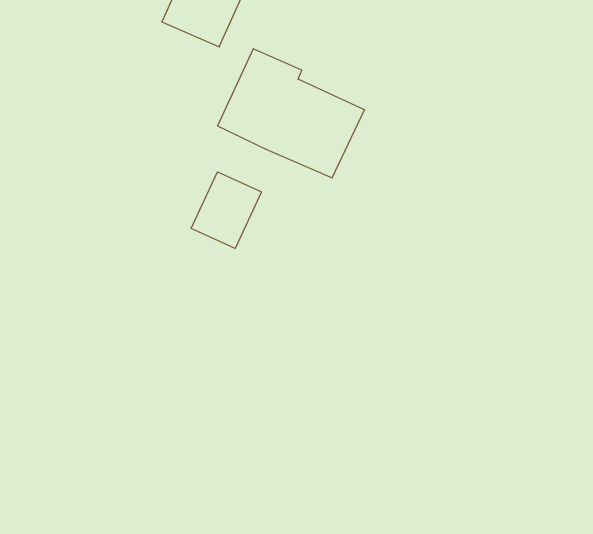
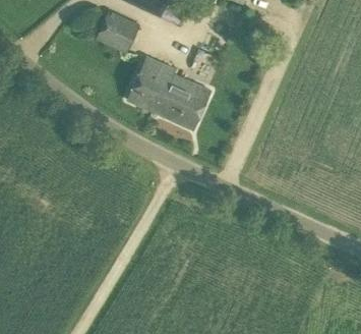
building: [191,172,262,248] -> none

